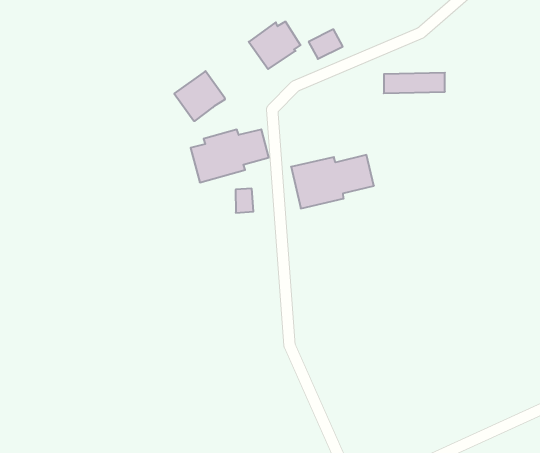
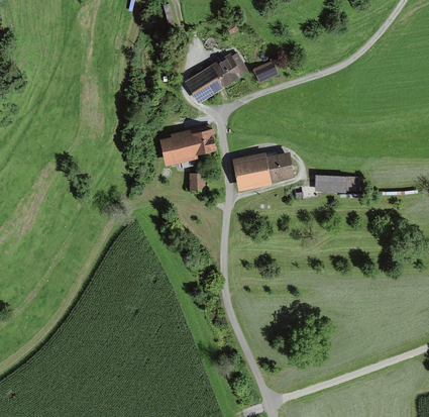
building: [174,71,225,121] -> [184,65,221,101]
building: [384,73,445,93] -> [315,177,361,193]

